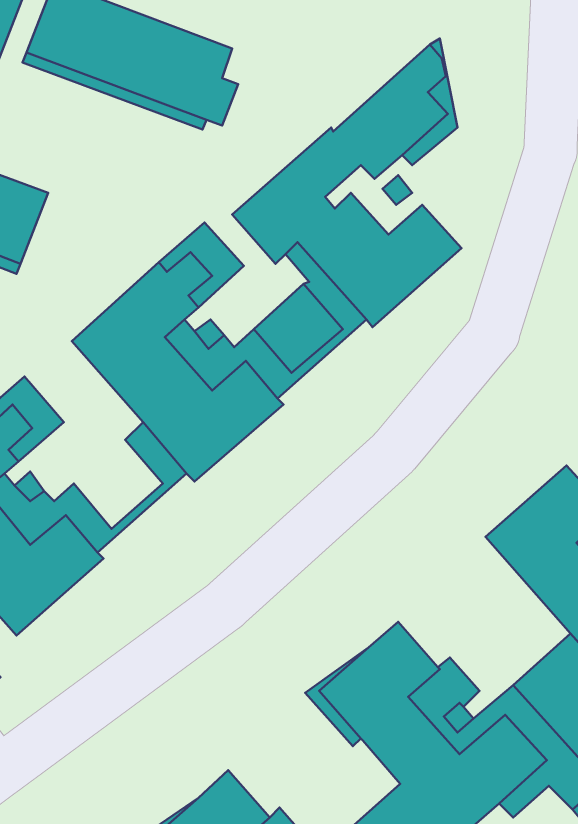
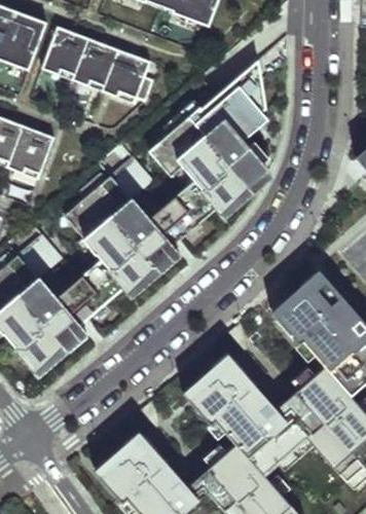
building: none -> [68,265,114,311]

